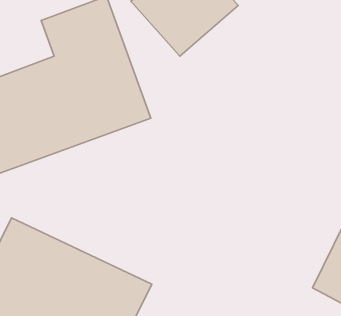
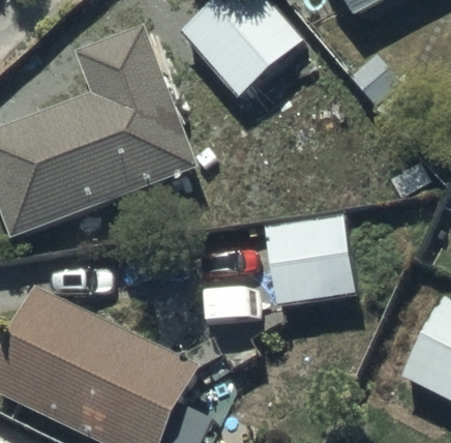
building: none -> [260,212,352,303]

